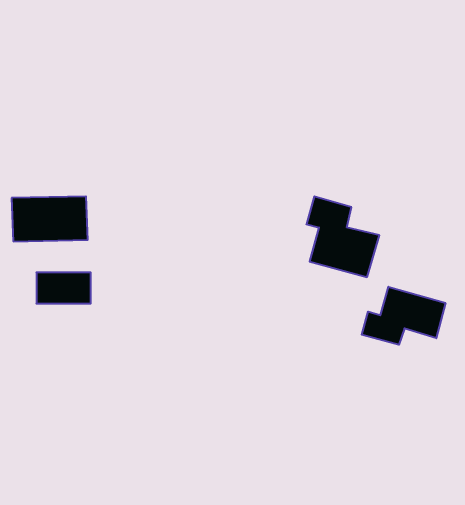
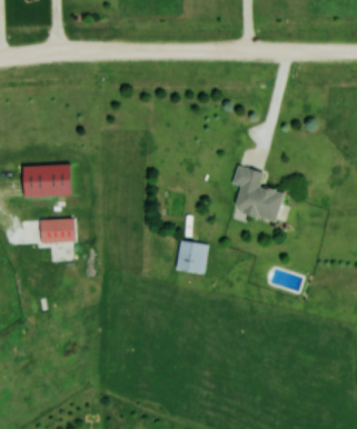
building: [362,287,445,345] -> none
building: none -> [176,240,209,273]

